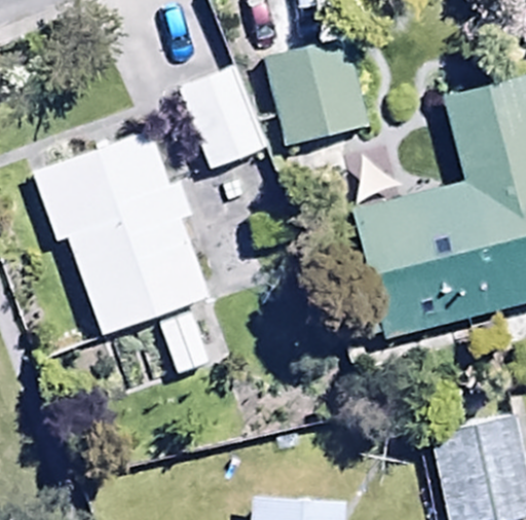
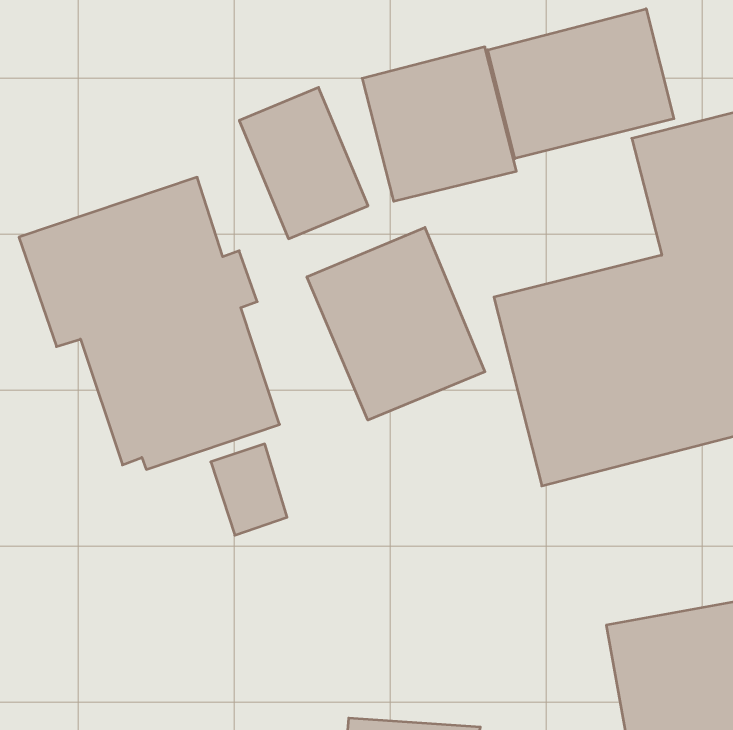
building: none -> [488,9,674,159]
building: none -> [307,227,485,420]

